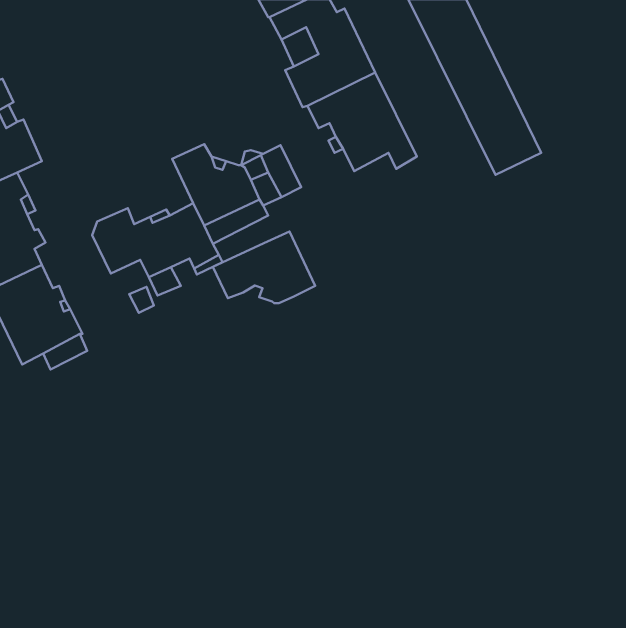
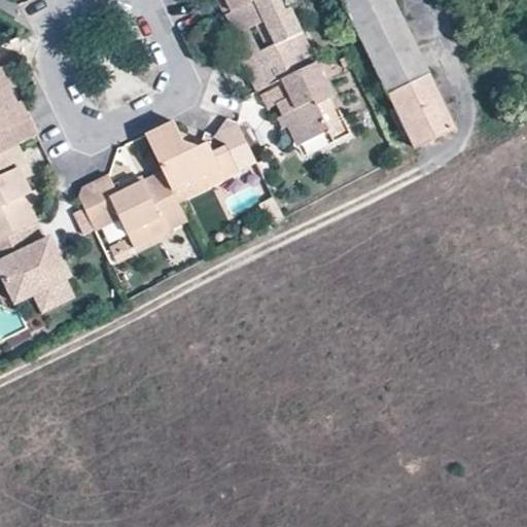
building: [213,232,315,303] -> none

